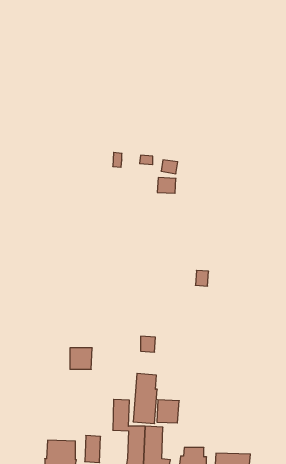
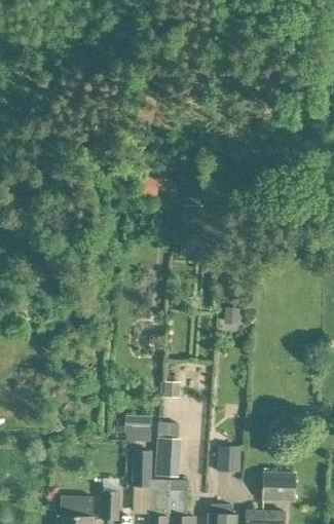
building: [70,348,92,369] -> [127,417,152,441]
building: [157,400,179,423] -> [218,447,243,473]
building: none -> [263,473,296,500]

